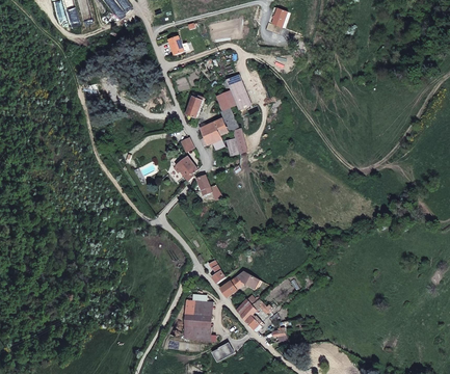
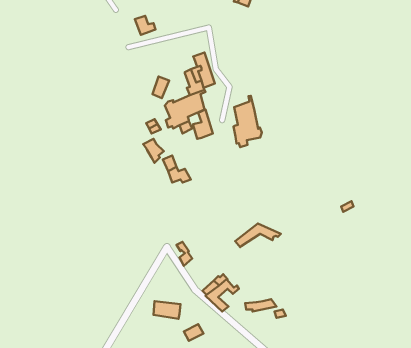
building: none -> [234,96,262,147]
building: [220,274,266,298] -> [235,223,281,247]
building: [187,291,215,324] -> none

